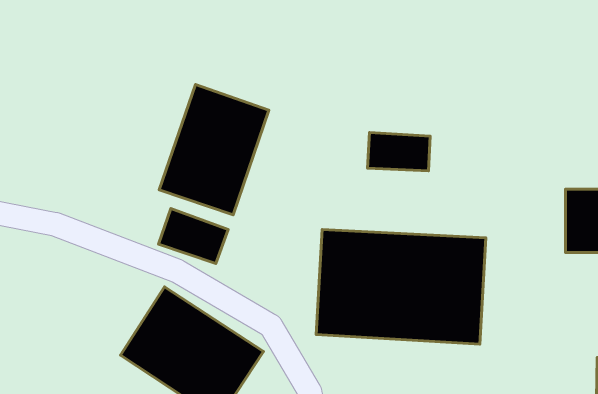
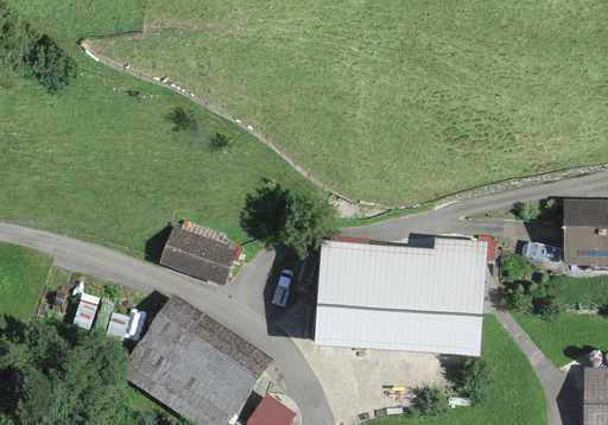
building: [159,84,269,215] -> none
building: [367,133,430,171] -> none

